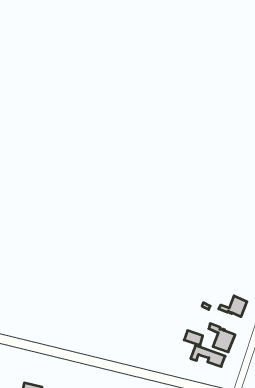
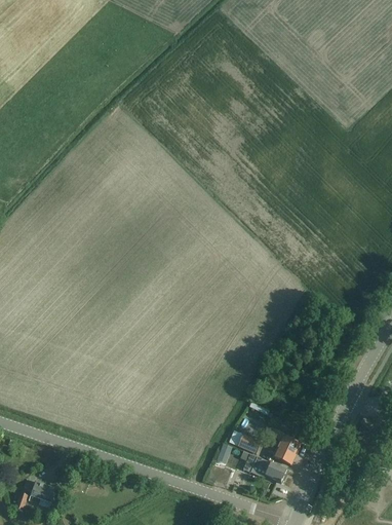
building: [219,296,247,317] -> none

